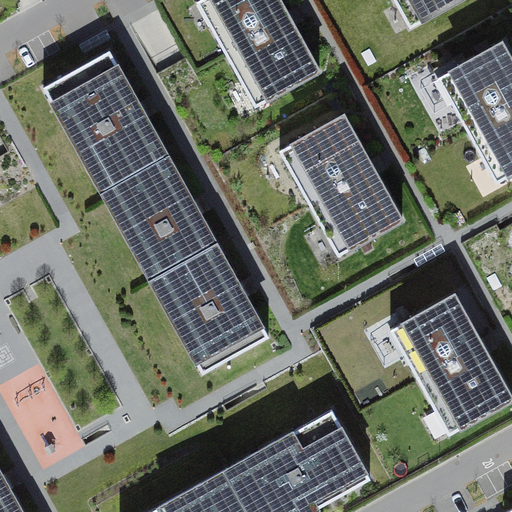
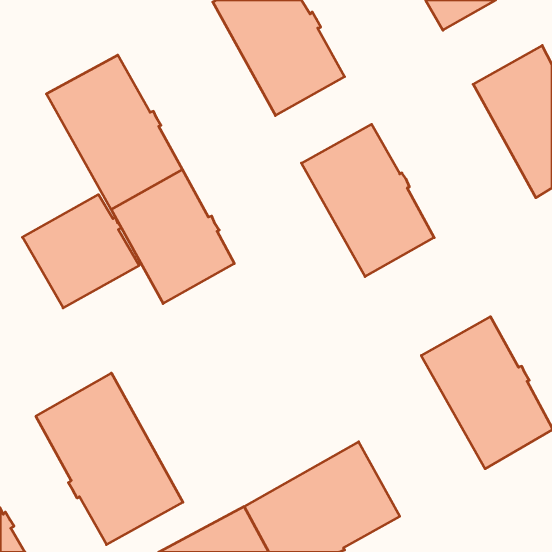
building: none -> [22,195,139,308]
building: [151,244,268,373] -> none
building: none -> [36,373,183,545]

